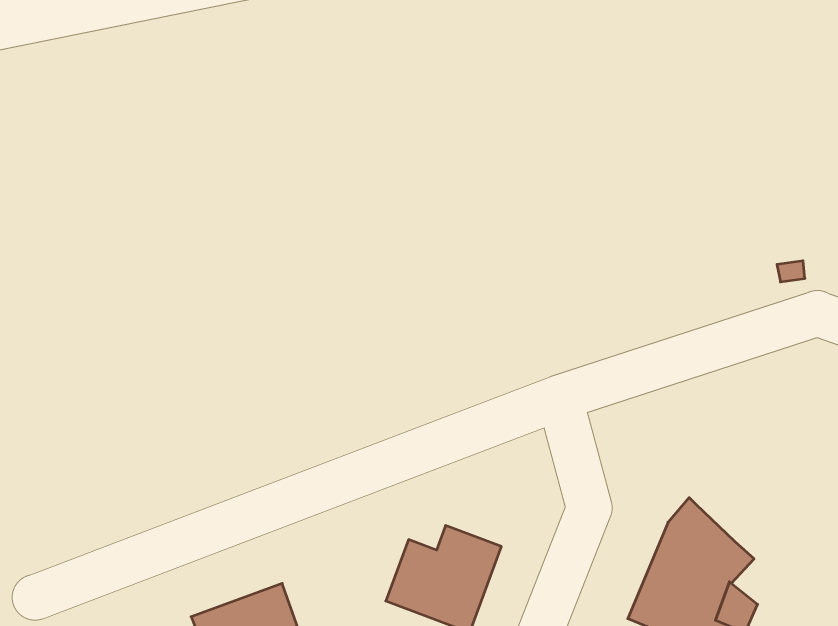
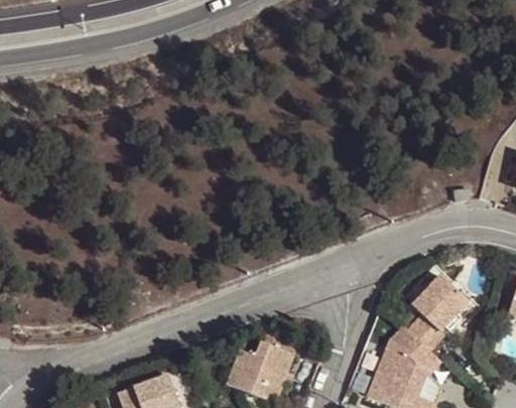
building: none -> [406,275,468,351]

